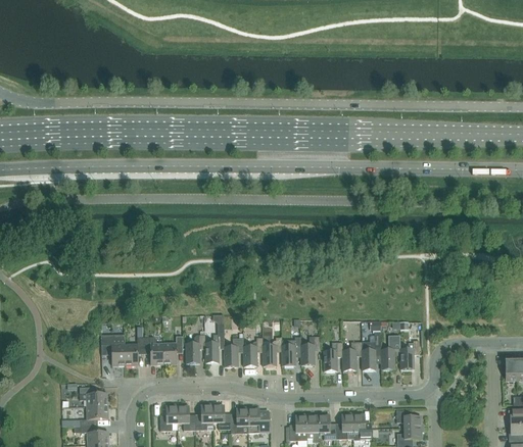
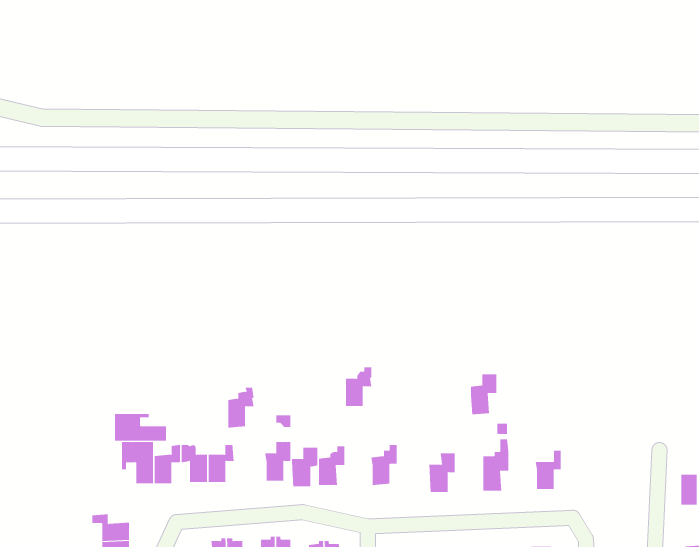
building: none -> [115,413,167,442]
building: [186,335,205,364] -> [227,387,254,428]
building: [300,337,320,365] -> none
building: [263,338,282,366] -> [345,367,372,407]
building: [381,341,400,370] -> none
building: [342,342,362,371] -> [470,374,497,415]

